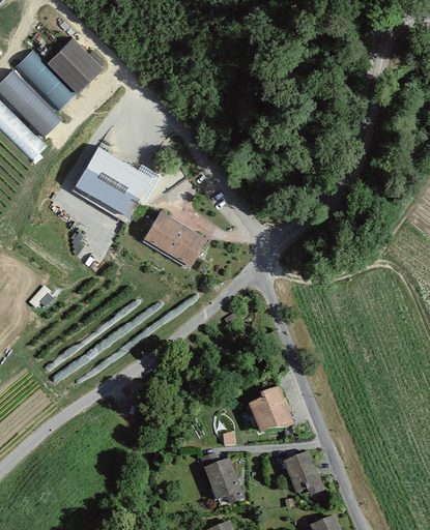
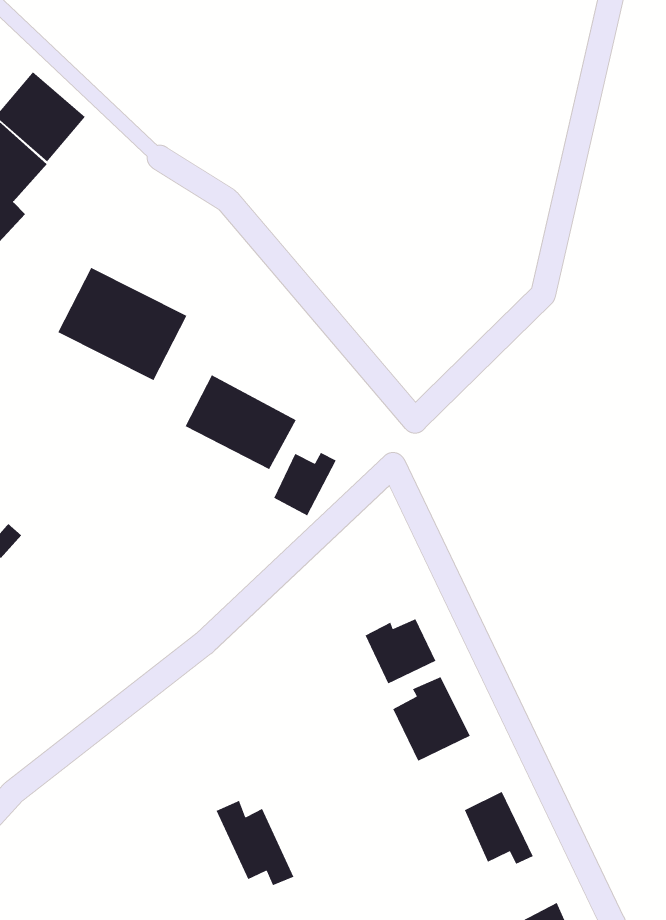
building: none -> [273,452,337,516]
building: none -> [365,618,437,685]
building: [201,453,242,502] -> [216,800,294,886]

